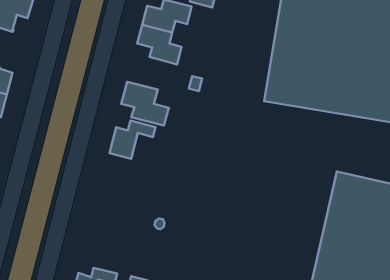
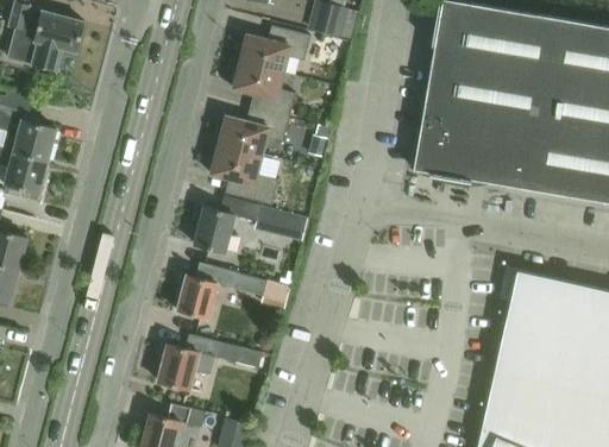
building: none -> [219,107,290,153]
building: none -> [253,204,304,240]
building: none -> [177,264,291,319]
building: none -> [158,336,262,391]

